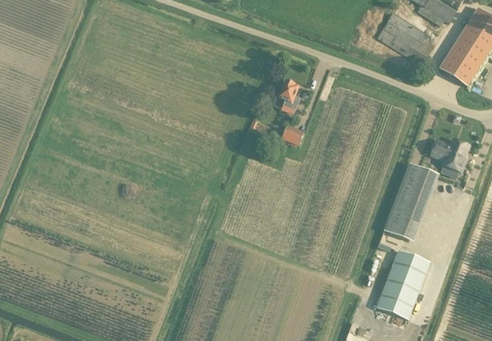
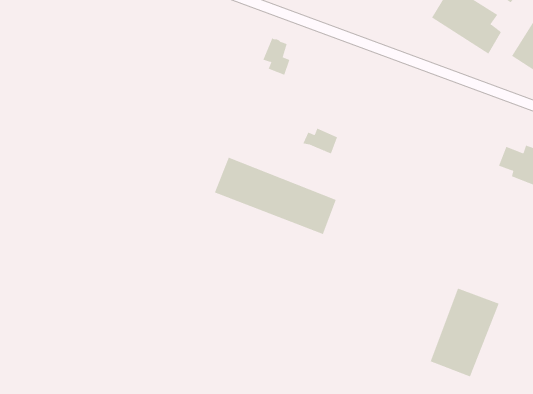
building: [278,80,300,110] -> [262,37,290,75]
building: none -> [214,157,337,235]
building: [384,163,434,241] -> none

